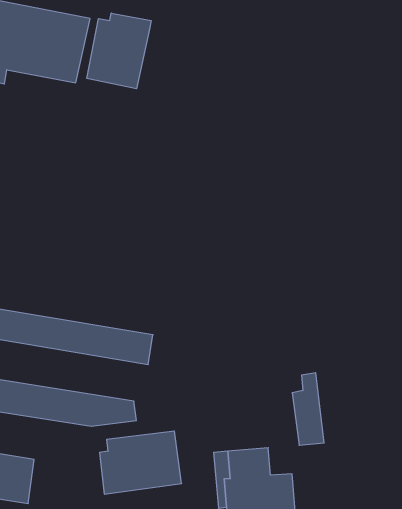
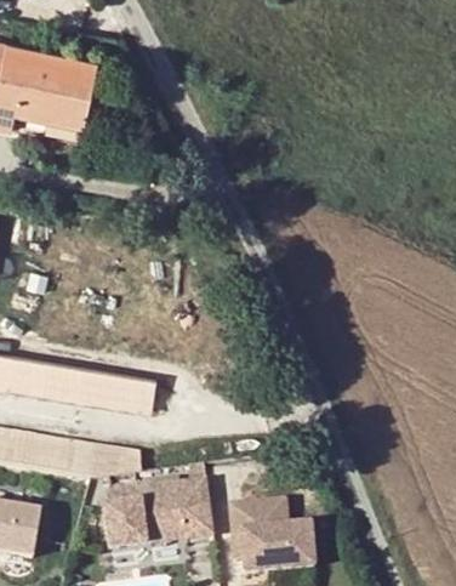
building: [87,13,151,89] -> none
building: [292,373,324,445] -> [182,462,215,536]

